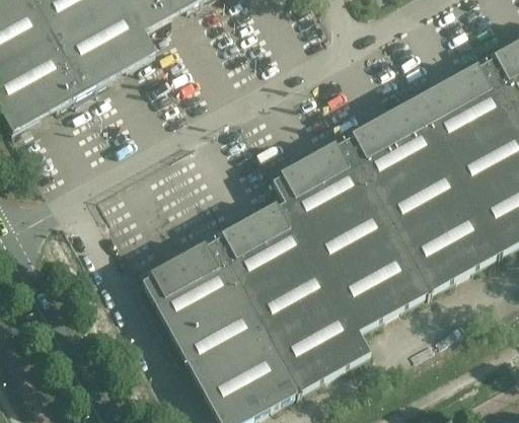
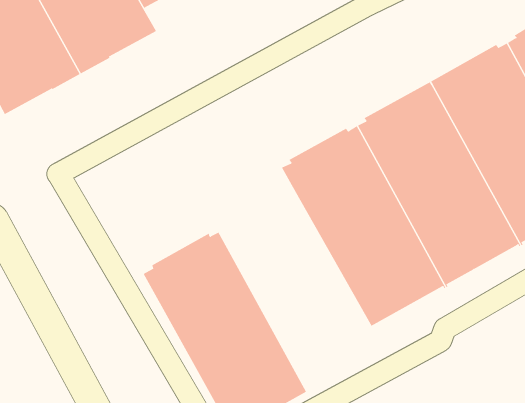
building: [214,200,369,391] -> none

